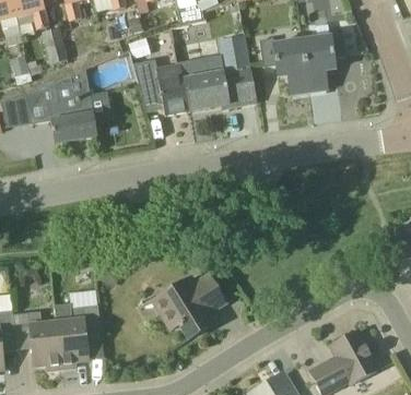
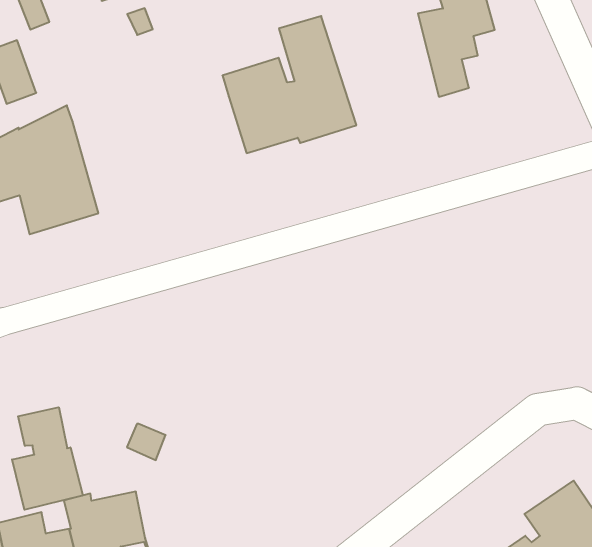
building: [259,36,308,93] -> none
building: [132,58,189,115] -> none
building: none -> [12,407,83,510]
building: [153,275,225,337] -> none

